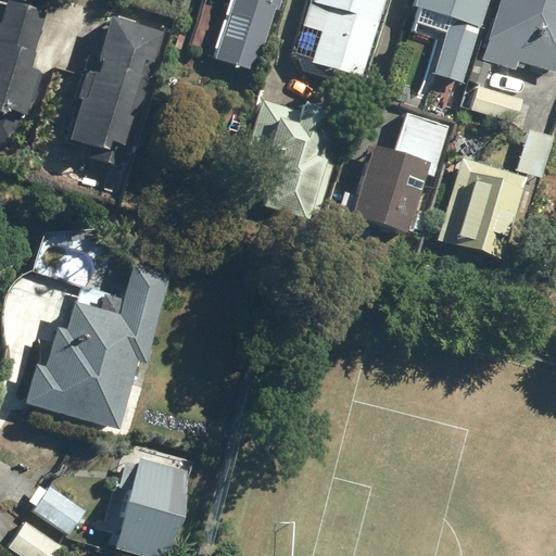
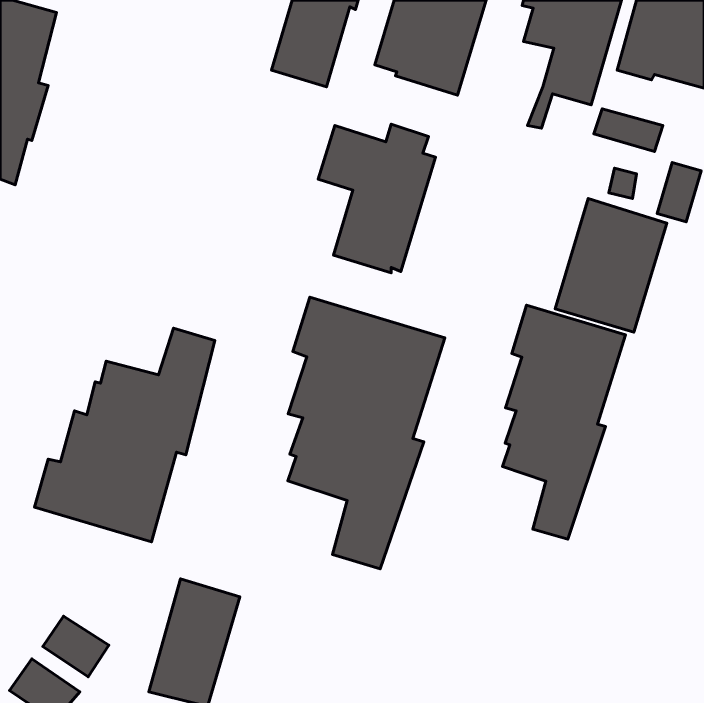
building: [72,16,163,168] -> none
building: [338,112,447,240] -> none
building: none -> [288,297,445,569]
building: none -> [503,305,625,539]

